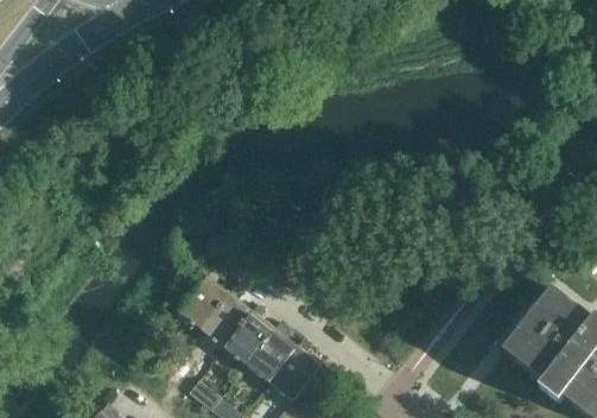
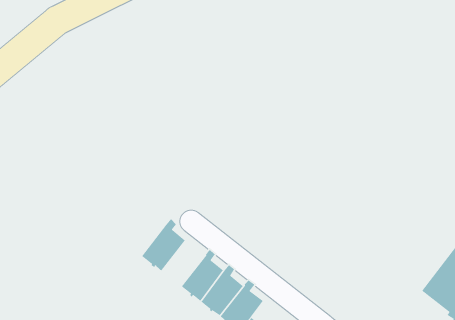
building: [201,286,252,348] -> none

